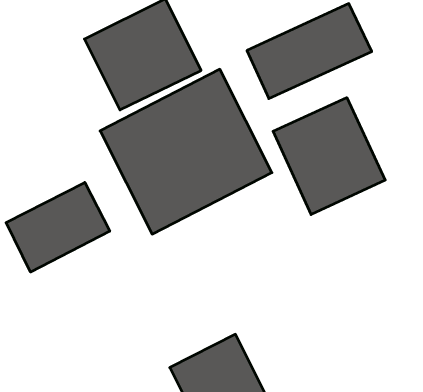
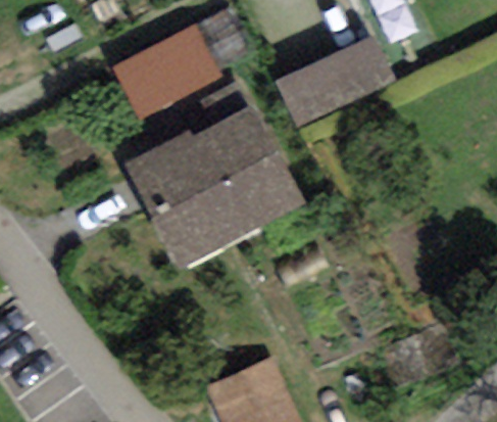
building: [273,98,385,215] -> none
building: [6,182,110,272] -> none

